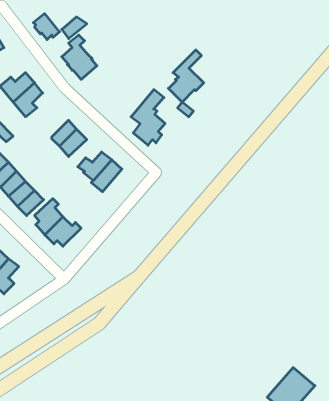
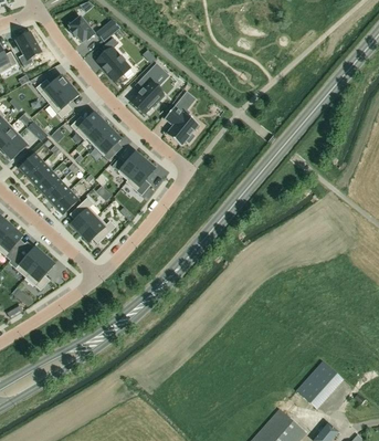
building: [168,50,204,102] -> [131,63,166,114]
building: none -> [71,112,104,139]

